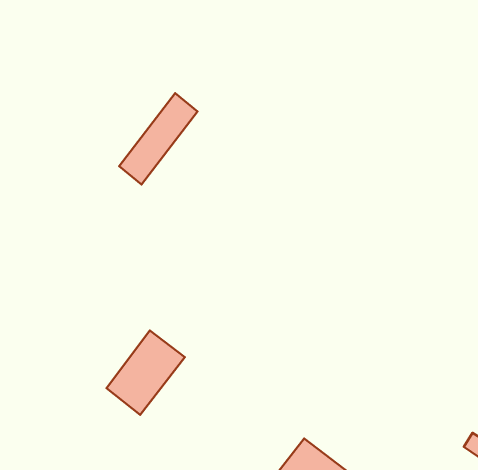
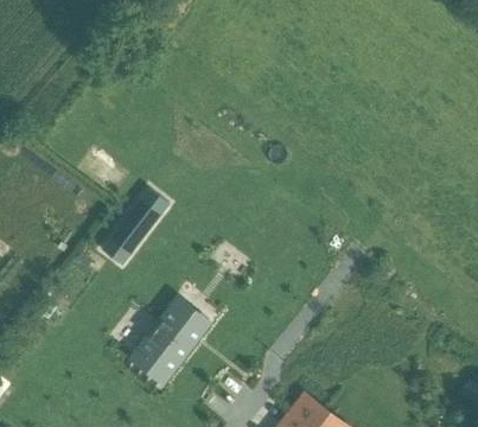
building: [119,93,198,185] -> [102,187,168,265]

